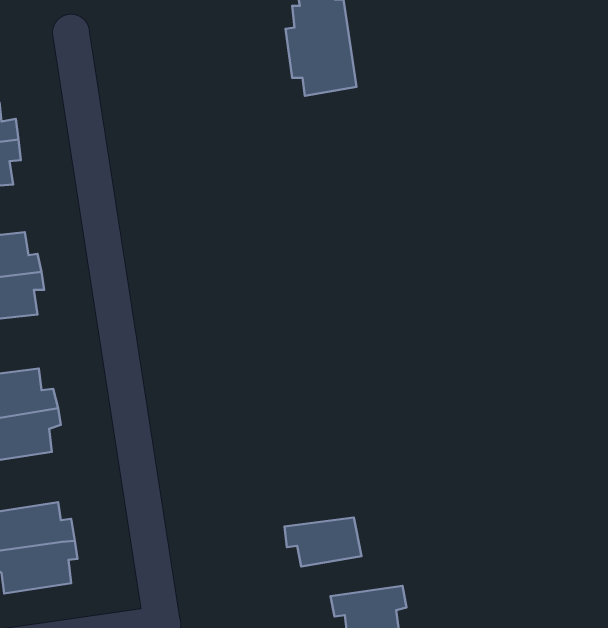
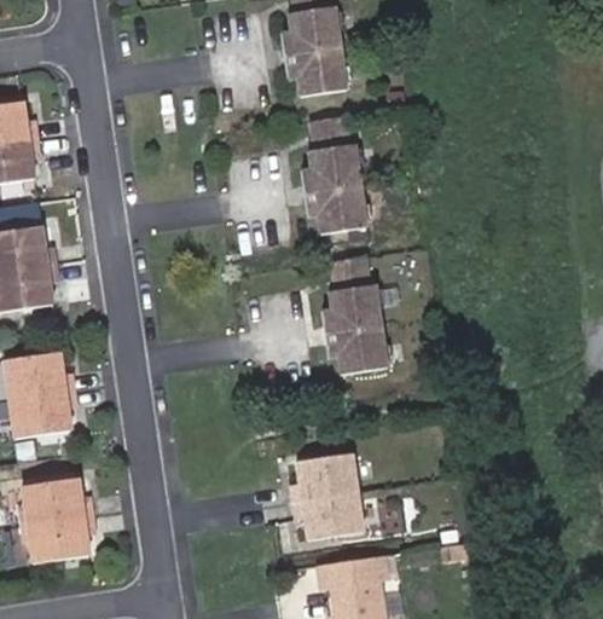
building: none -> [303,117,369,231]
building: none -> [321,259,389,370]
building: none -> [279,455,348,502]

